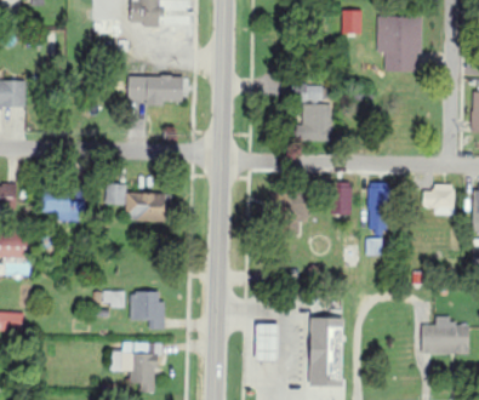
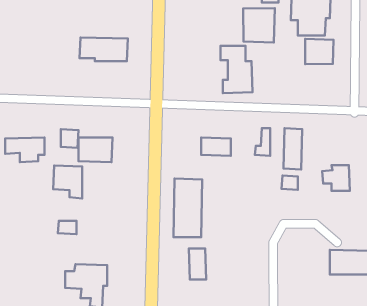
building: none -> [243,8,275,43]
building: none -> [305,39,334,64]
building: [422,184,455,215] -> [322,165,350,191]
building: [129,291,162,330] -> [53,165,82,198]
building: [309,316,343,385] -> [173,178,202,237]

